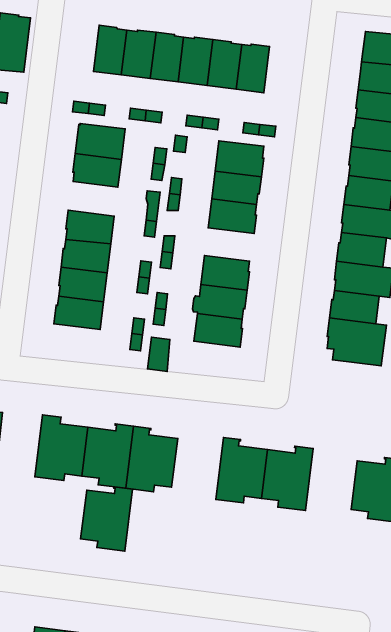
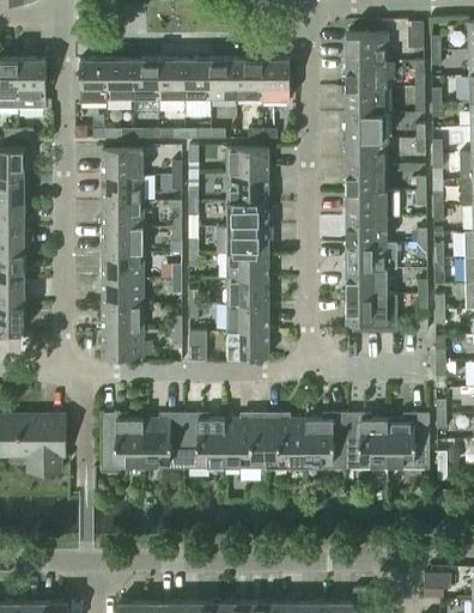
building: none -> [80,59,108,101]
building: none -> [262,59,290,101]
building: none -> [101,201,142,227]
building: none -> [218,227,269,254]
building: none -> [101,330,142,358]
building: none -> [227,330,269,358]
building: none -> [346,413,387,469]
building: [81,487,132,551] -> [224,413,265,469]

